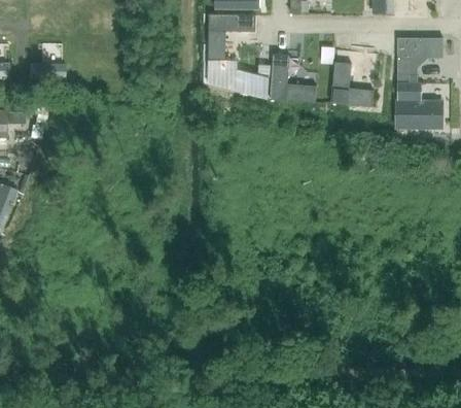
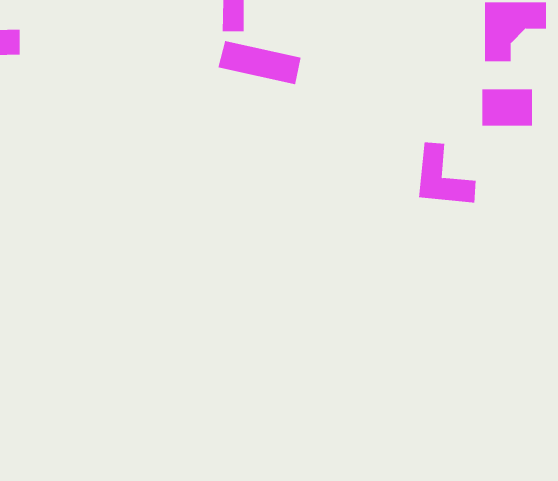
building: [269,54,315,102] -> none
building: [330,62,373,106] -> [418,142,477,203]

